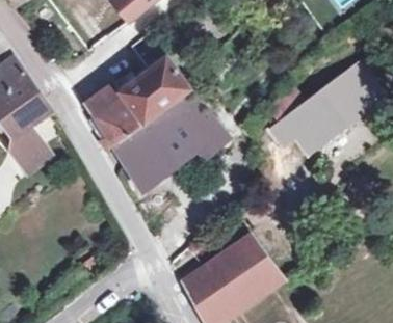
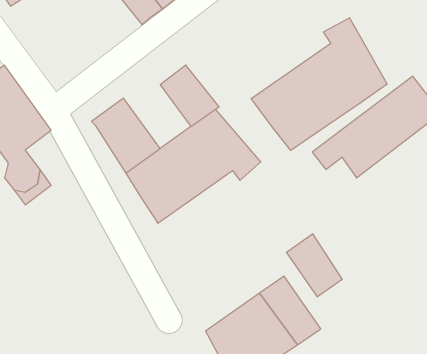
building: none -> [251,18,387,150]
building: [119,74,169,128] -> none
building: none -> [286,234,342,297]

